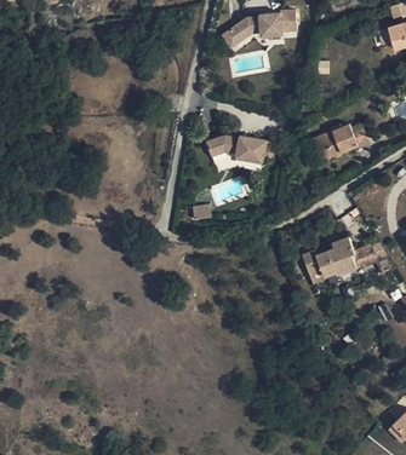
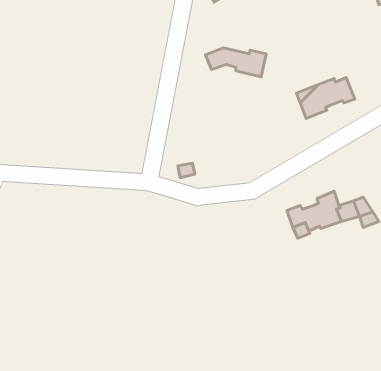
building: [204,134,264,163] -> [205,48,266,77]

